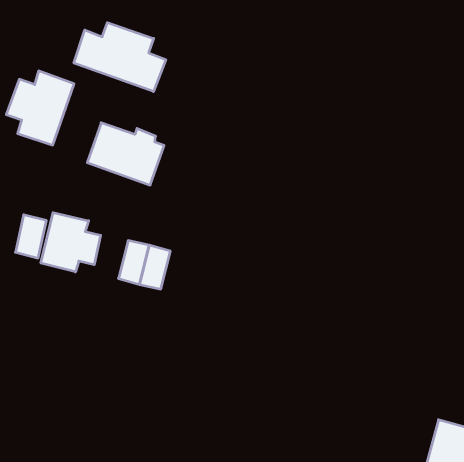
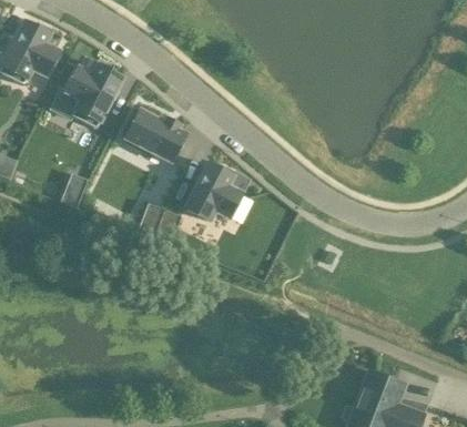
building: [74,23,166,92] -> none
building: none -> [182,164,236,222]
building: [41,213,101,272] -> none

